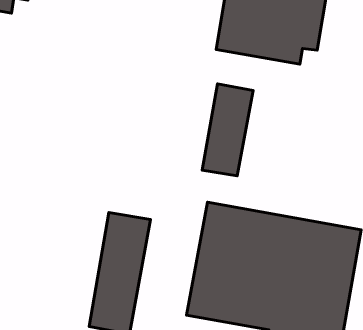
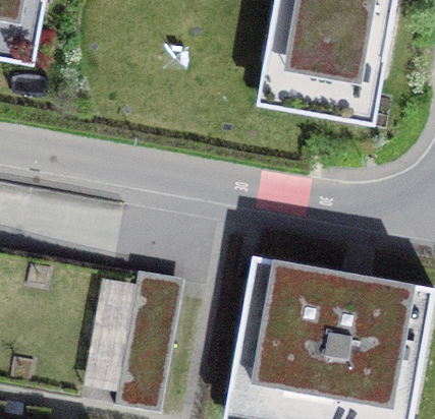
building: [202,84,253,176] -> none

